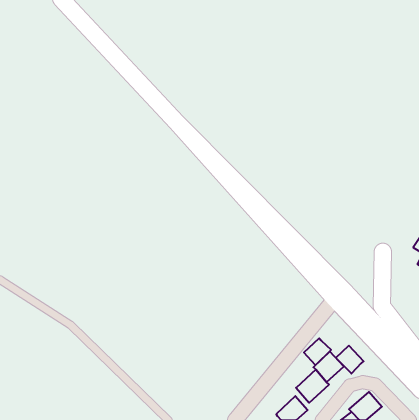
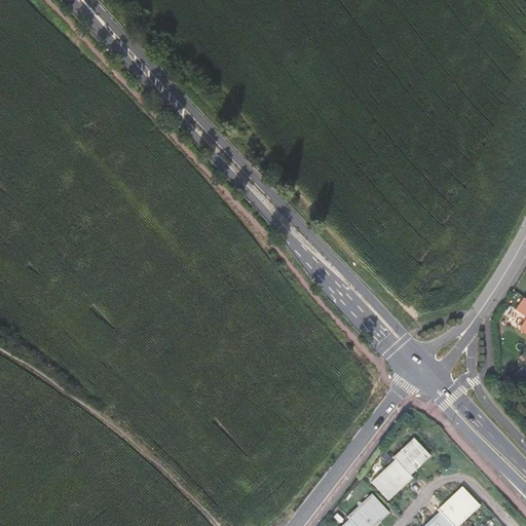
building: [304,338,331,365] -> none
building: [336,346,364,374] -> none

